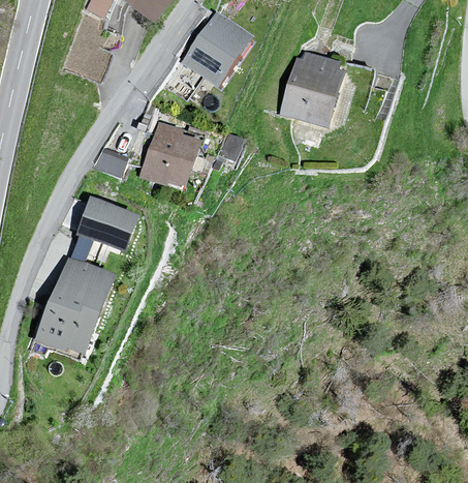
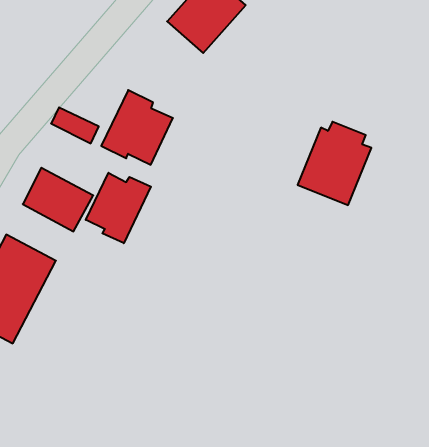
building: [281,55,341,125] -> [298,122,371,205]
building: none -> [86,173,151,243]

